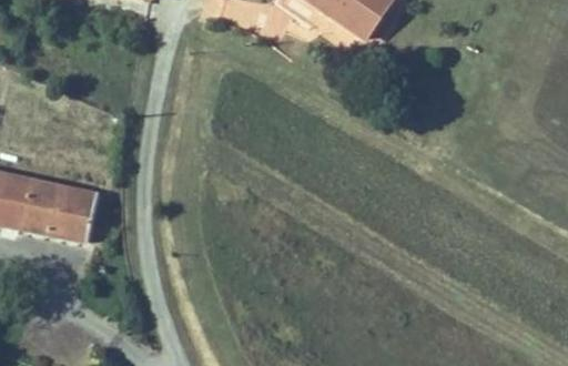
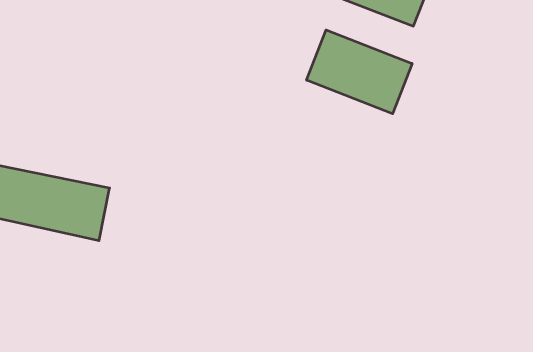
building: none -> [307,30,412,114]

